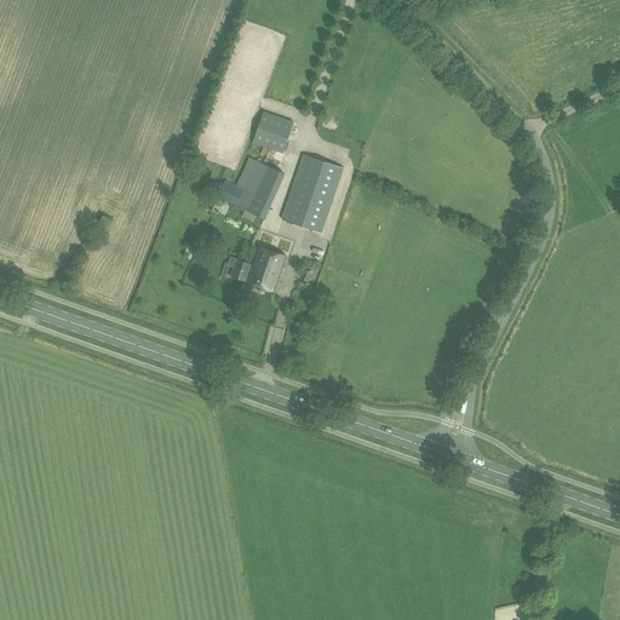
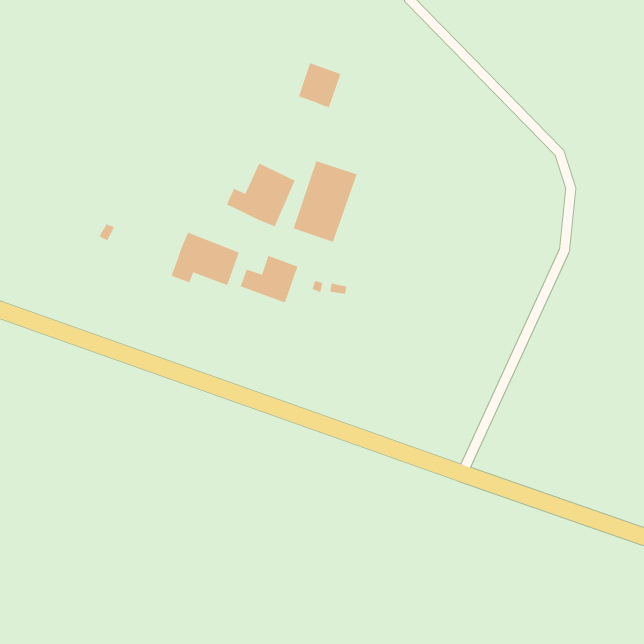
building: [252,110,293,154] -> [298,62,341,108]
building: none -> [171,232,240,286]

